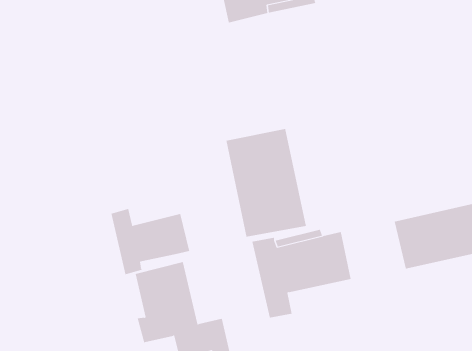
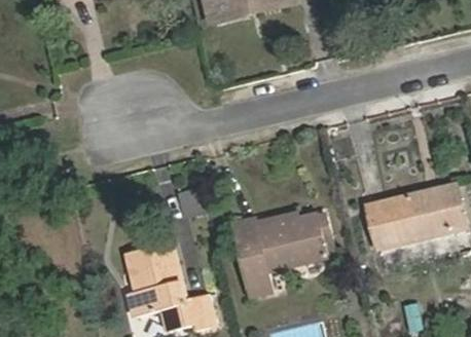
building: [226,128,306,238] -> none
building: [111,208,190,275] -> none

